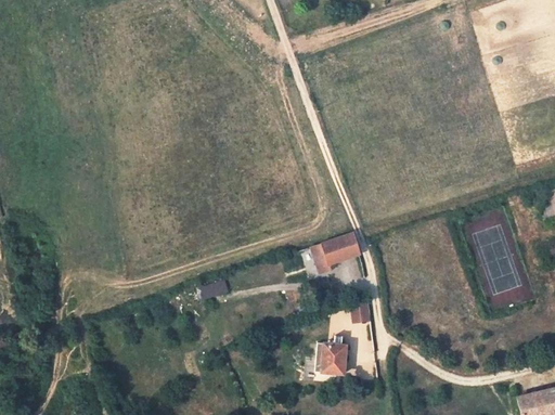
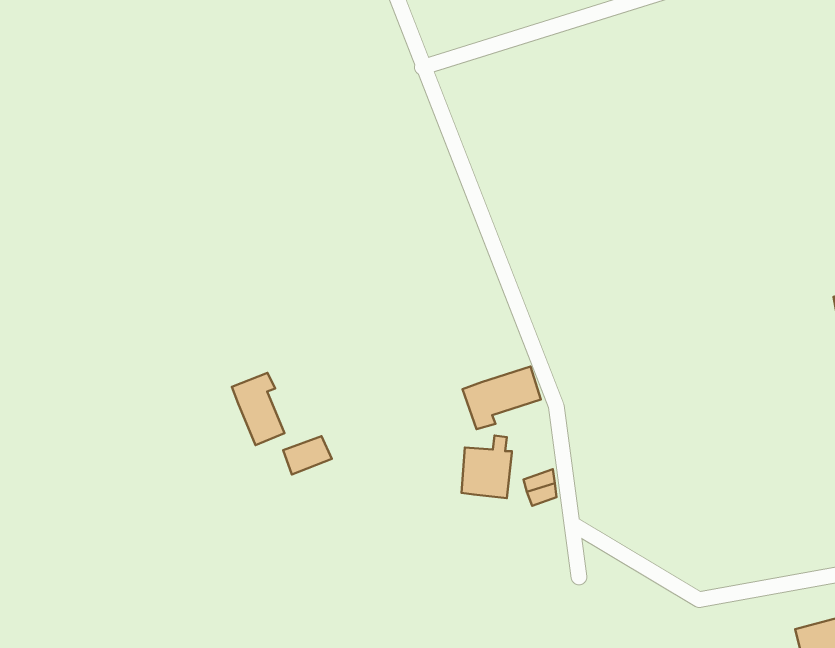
building: none -> [232,373,284,445]
building: [315,335,347,374] -> [462,435,512,498]

